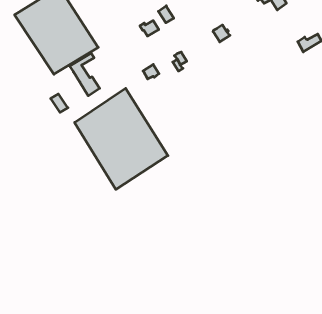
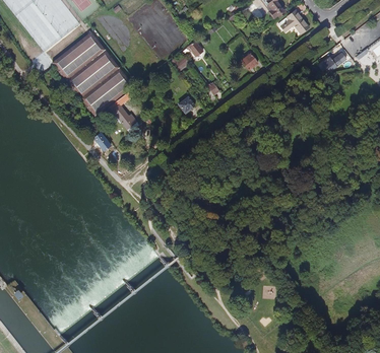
building: [75,88,168,189] -> none

